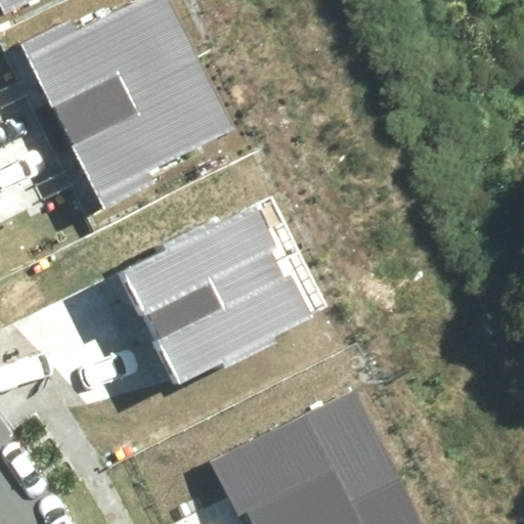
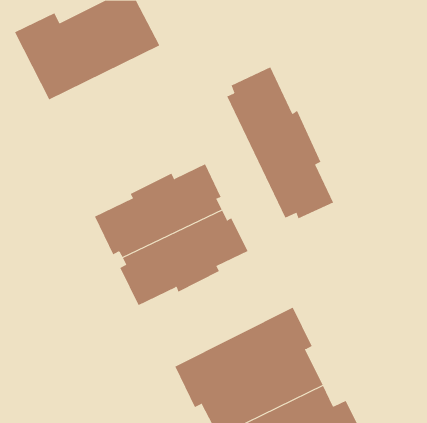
building: [63,64,233,214] -> none
building: none -> [227,66,334,219]

